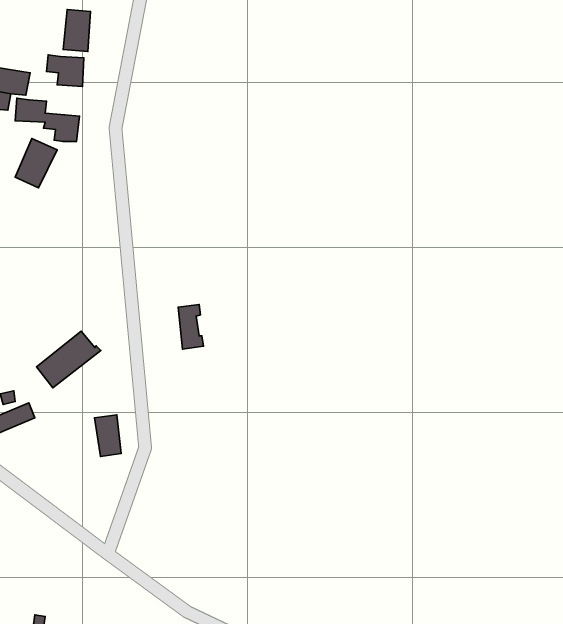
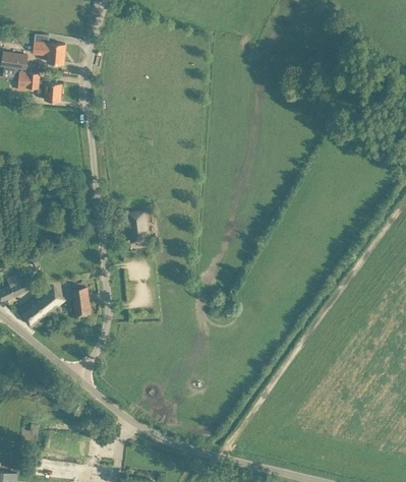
building: [63,9,91,52] -> none
building: [15,138,57,188] -> none
building: [37,331,101,388] -> [21,289,65,327]

